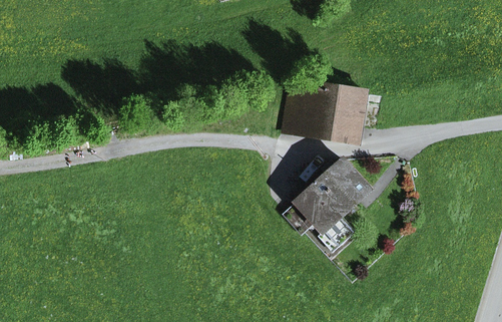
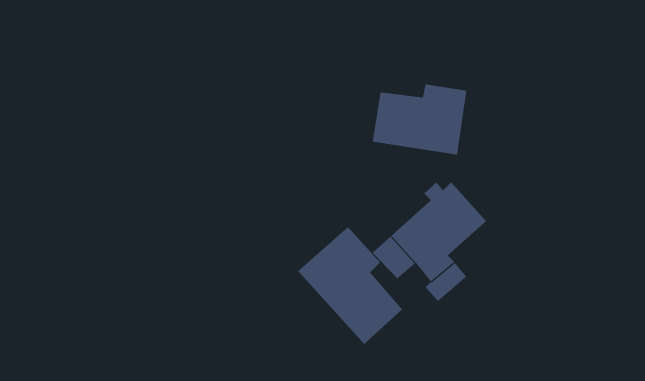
building: none -> [297,226,403,345]

